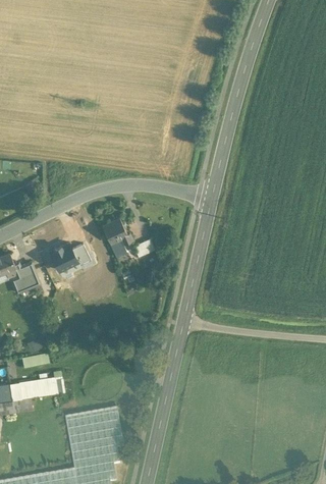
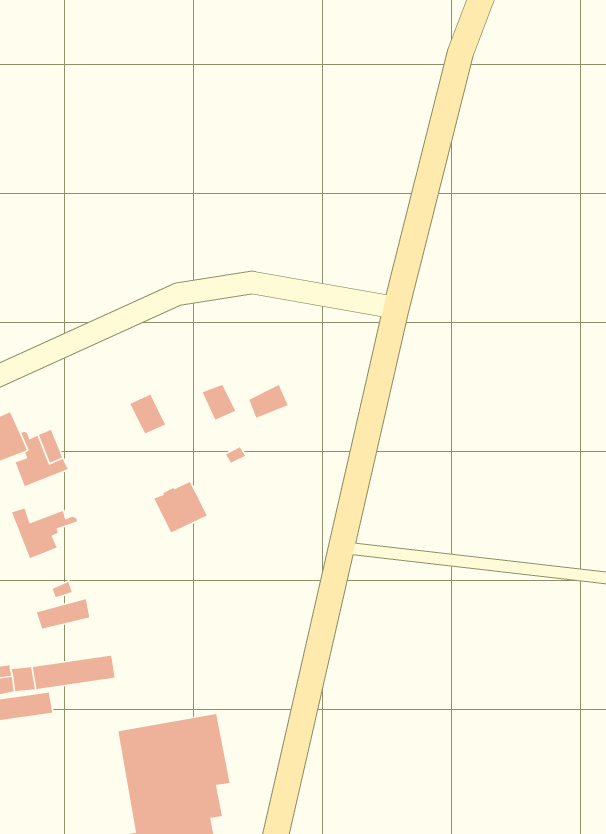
building: [102,218,132,245] -> none
building: [49,243,77,270] -> [153,481,208,533]
building: none -> [11,508,78,559]

